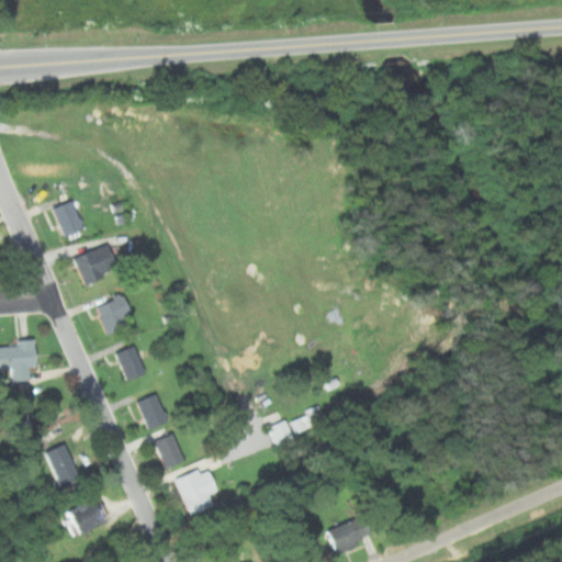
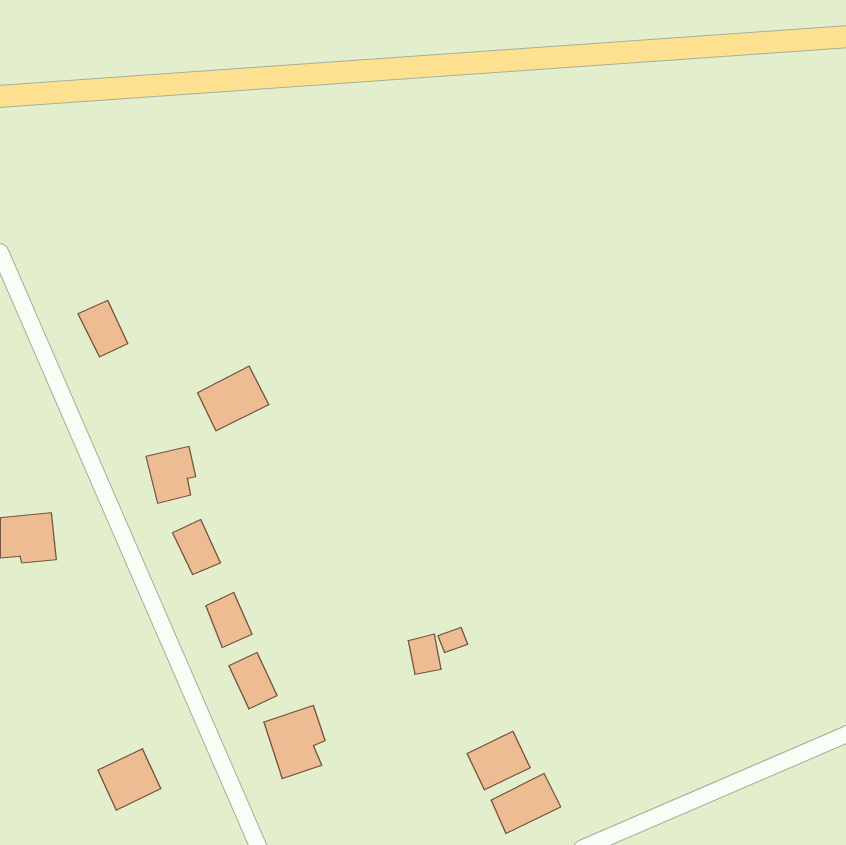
building: [74,243,121,285] -> [198,366,269,431]
building: [44,443,81,488] -> none
building: none -> [467,731,530,790]

